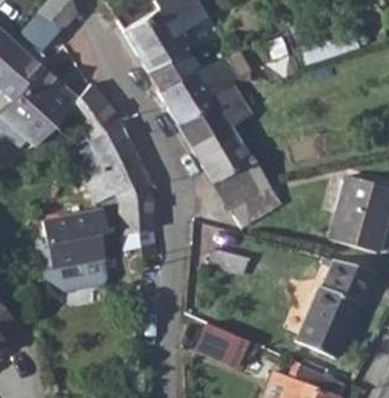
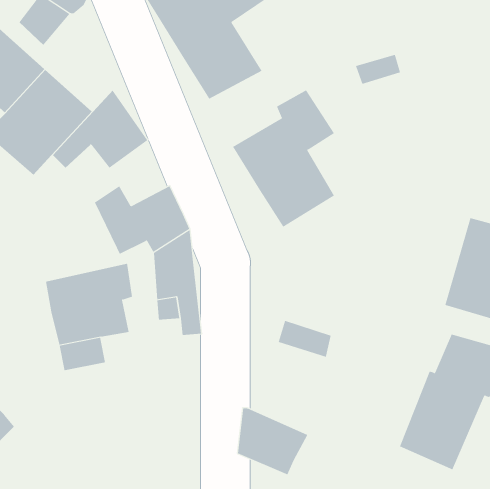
building: [159,57,239,125] -> none
building: [90,120,133,167] -> none
building: [214,159,282,226] -> none

